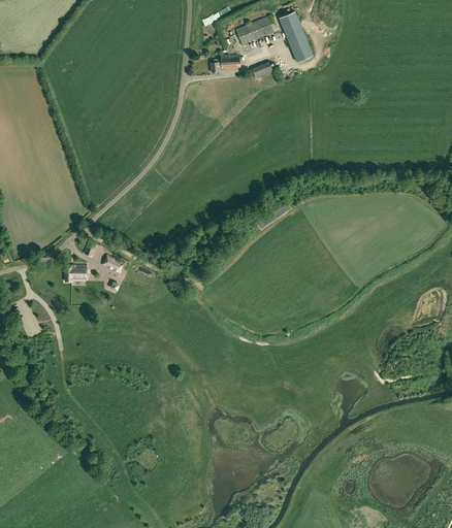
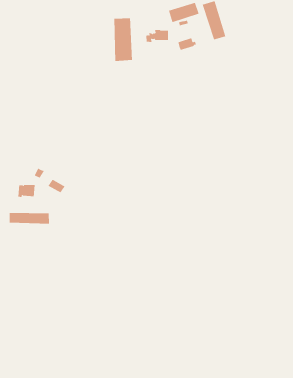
building: none -> [114,18,133,62]
building: none -> [9,212,49,224]

